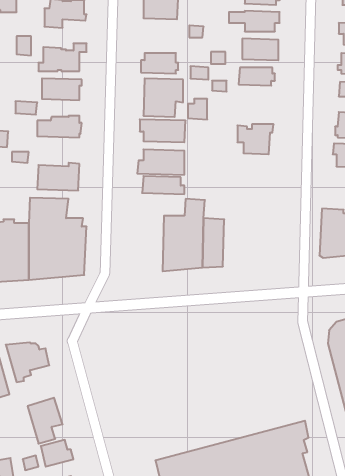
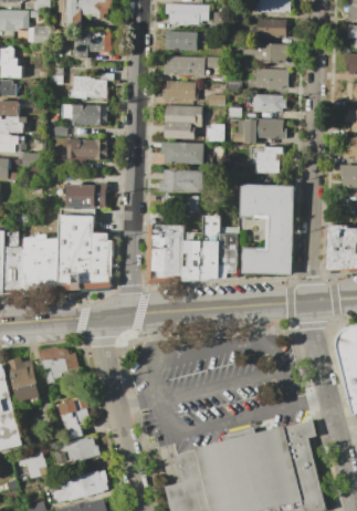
building: none -> [162,56,204,75]
building: none -> [232,119,286,143]
building: none -> [241,185,293,274]
building: none -> [147,225,183,283]

